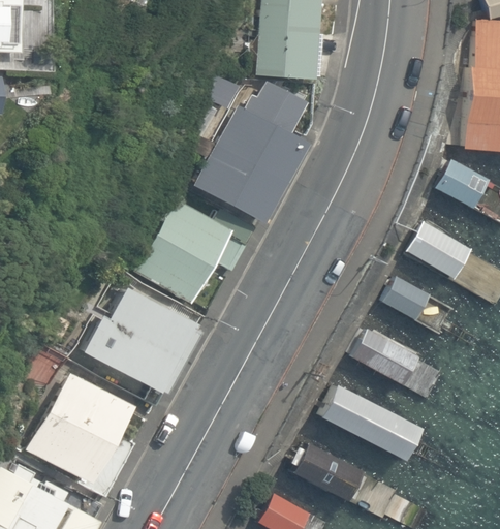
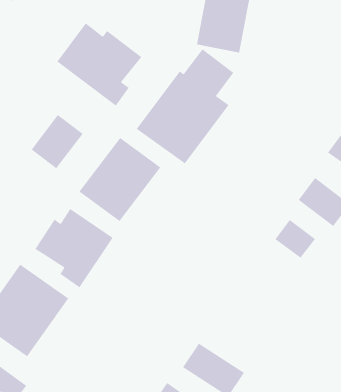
building: none -> [56,22,142,106]
building: none -> [31,114,83,169]
building: [351,328,418,384] -> none
building: [317,382,419,459] -> none

